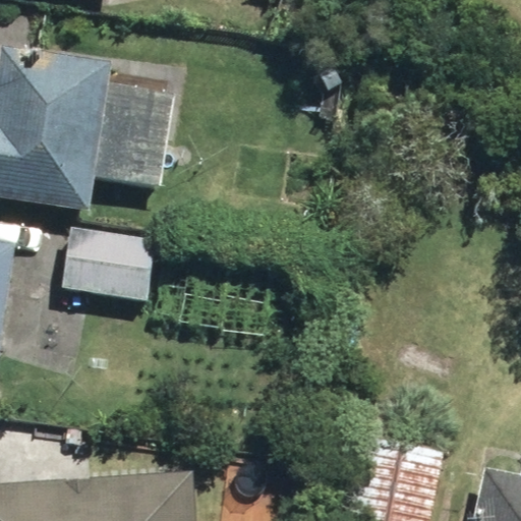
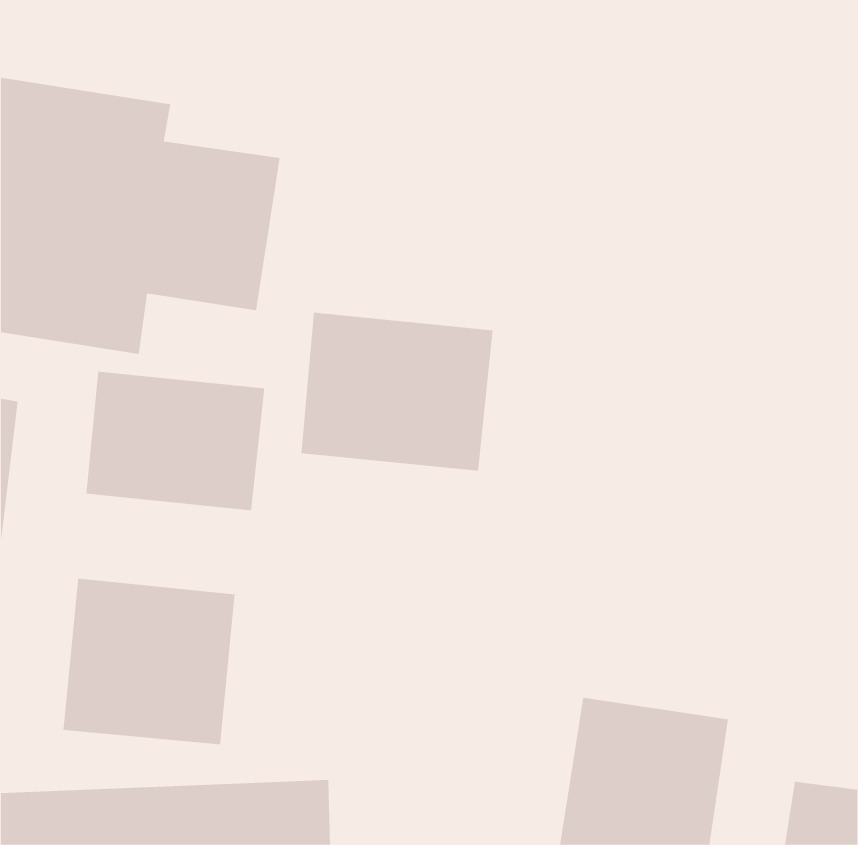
building: none -> [301,312,493,471]
building: none -> [63,578,235,745]

